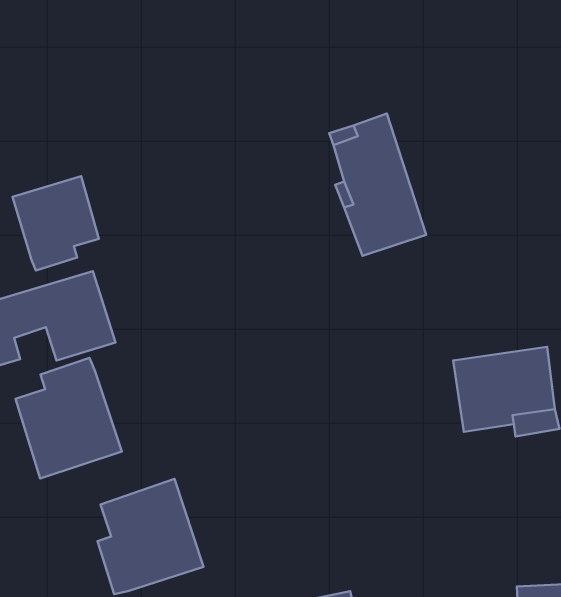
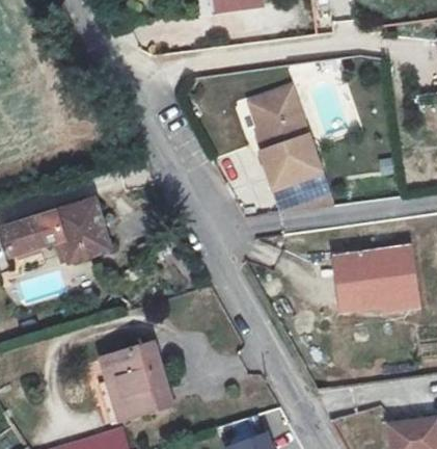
building: [12,176,99,270] -> none
building: [15,358,122,478] -> none

